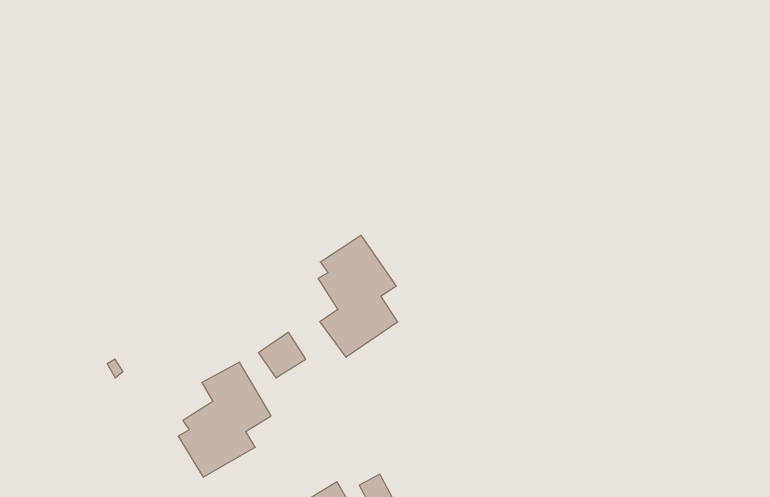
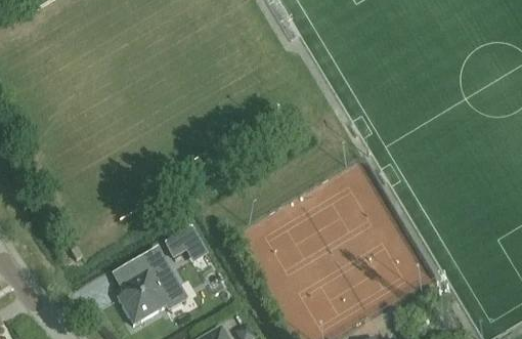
building: [318,235,398,357] -> none

